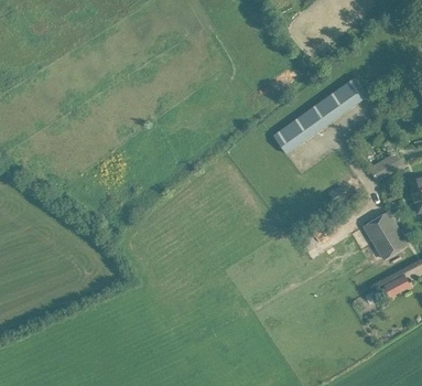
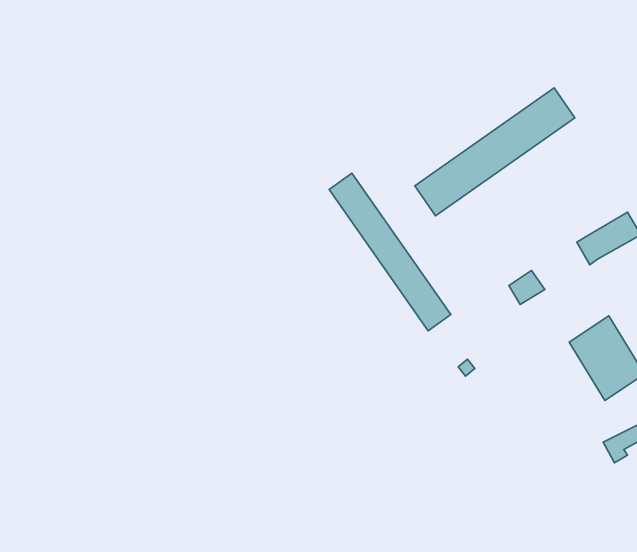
building: none -> [329,173,451,331]

